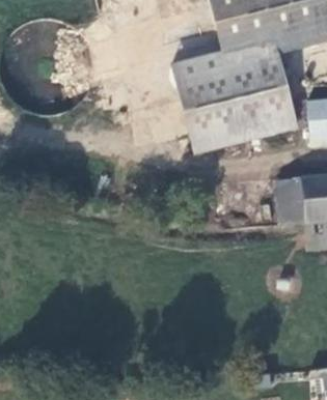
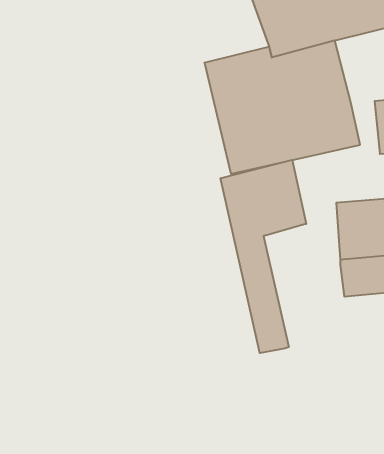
building: none -> [220,160,306,353]

